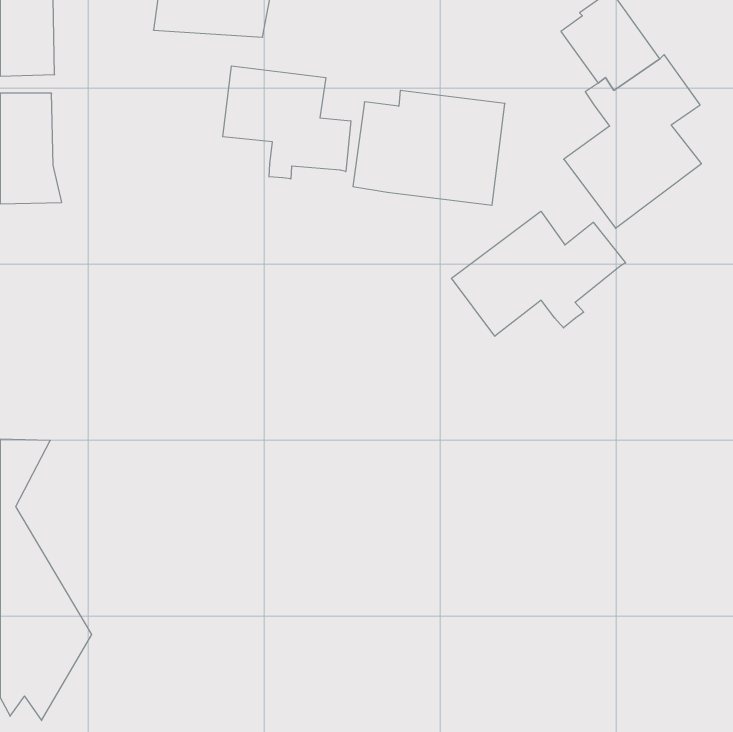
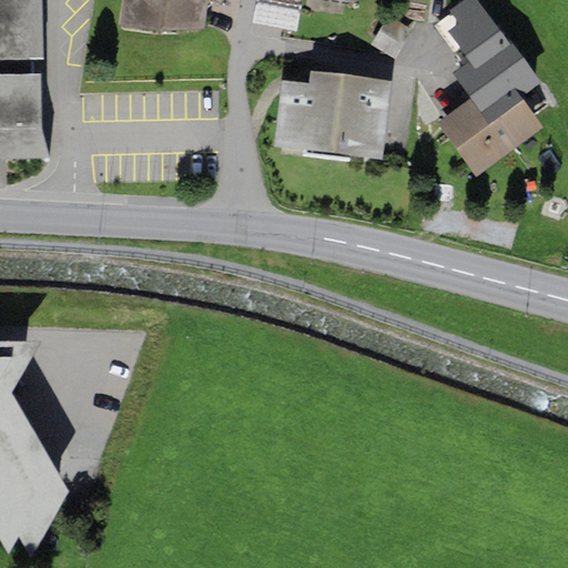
building: [223,66,351,179] -> none
building: [451,211,626,336] -> none

